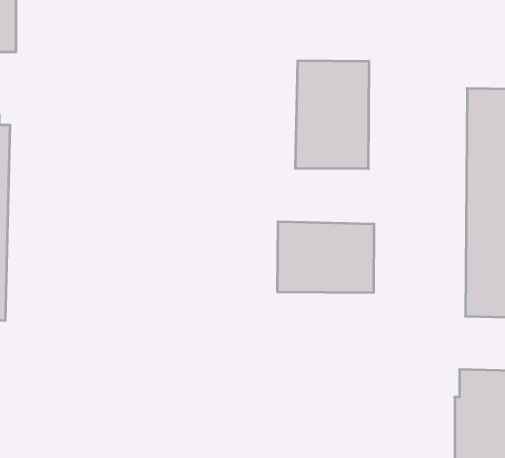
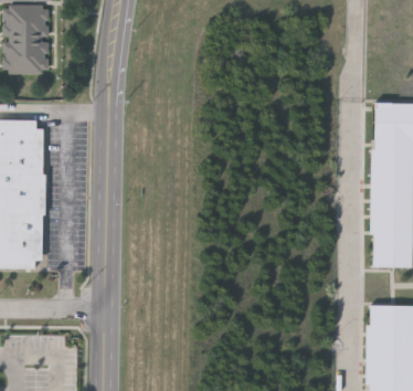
building: [295,61,369,169] -> none
building: [278,222,374,293] -> none

